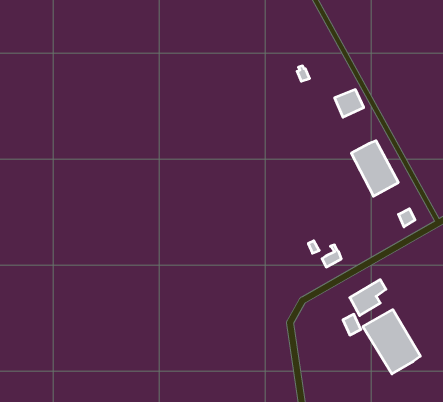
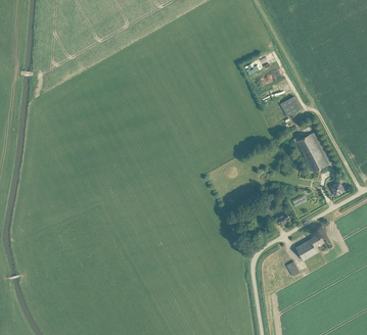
building: [363,310,420,374] -> none

